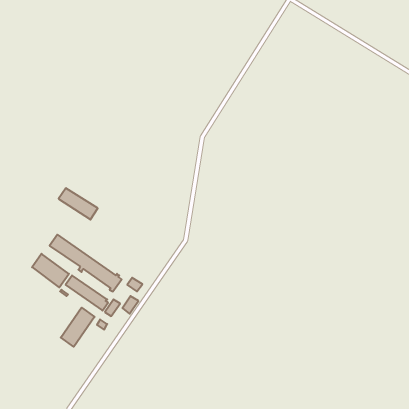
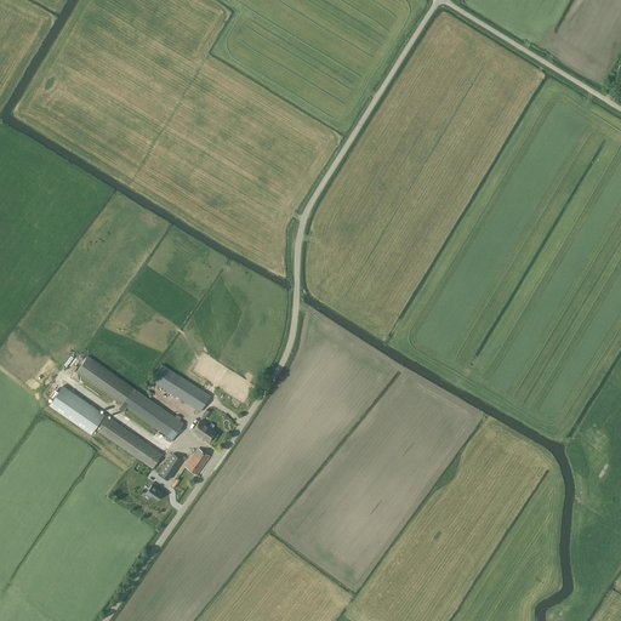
building: [59,188,98,220] -> [152,365,211,412]
building: [61,308,95,347] -> none

